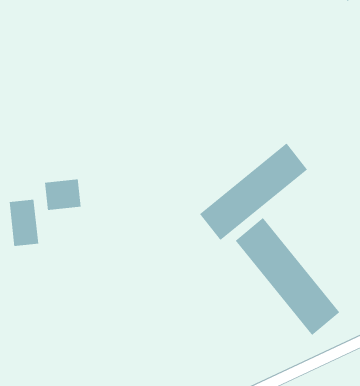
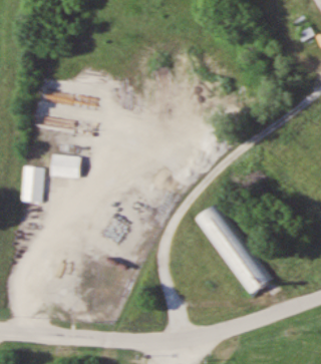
building: [199,143,308,241] -> none

